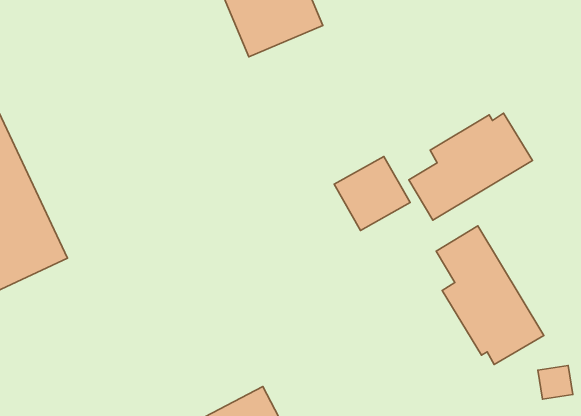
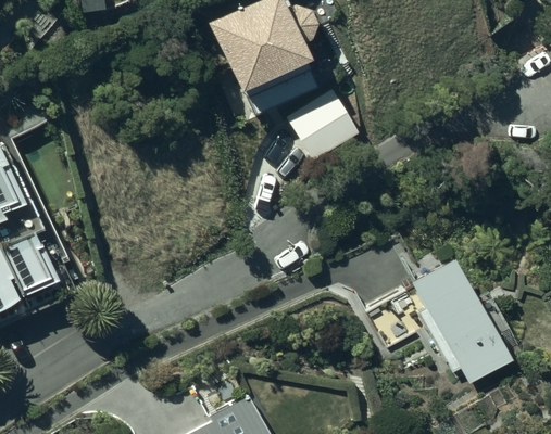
building: [409,113,533,220] -> none
building: [334,156,410,230] -> [283,86,354,155]

